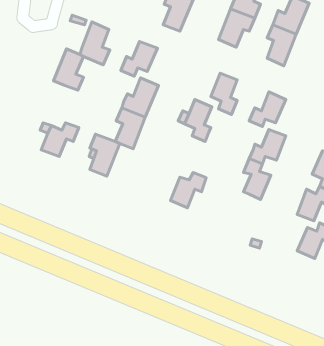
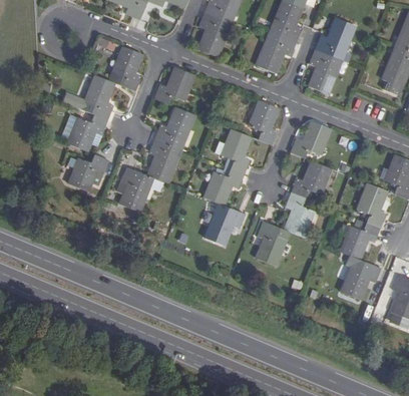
building: none -> [68,113,107,150]
building: none -> [206,167,244,205]
building: none -> [257,221,290,266]

